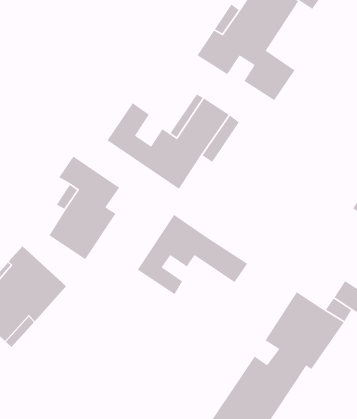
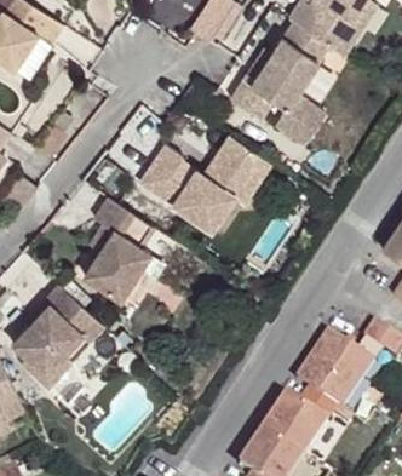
building: [137,214,248,295] -> none

